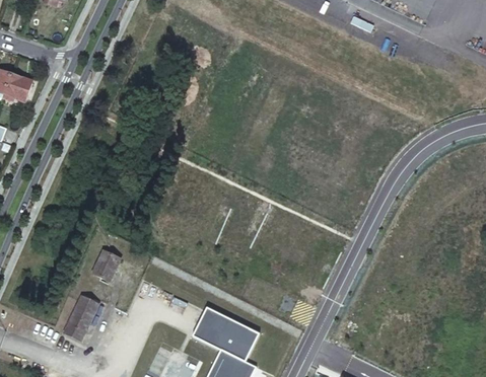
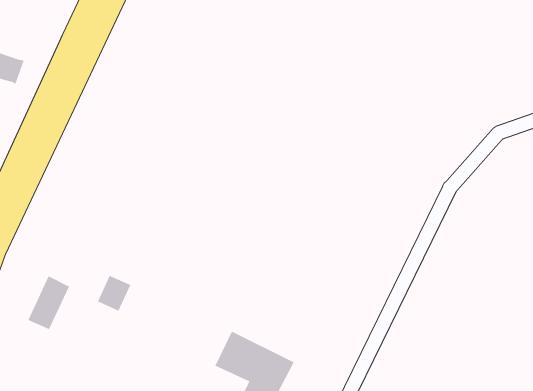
building: [65,304,100,350] -> [28,275,70,330]

